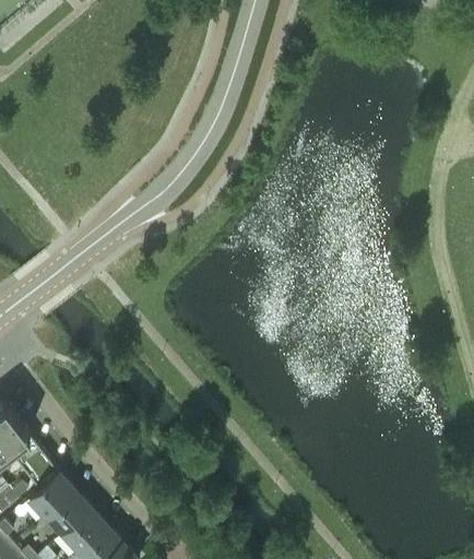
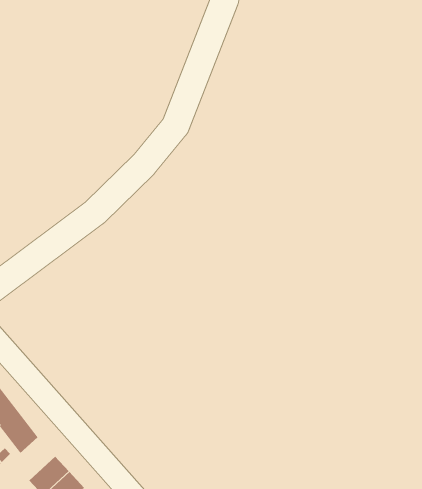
building: [35,479,81,525] -> none

